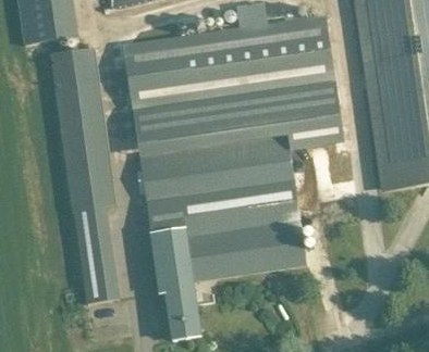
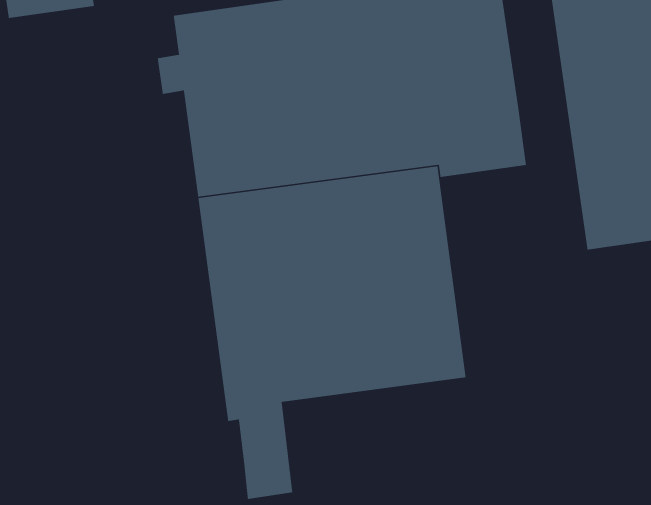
building: [51,47,117,300] -> none

